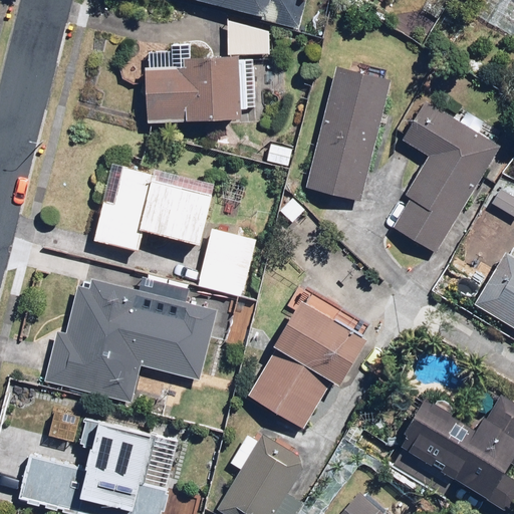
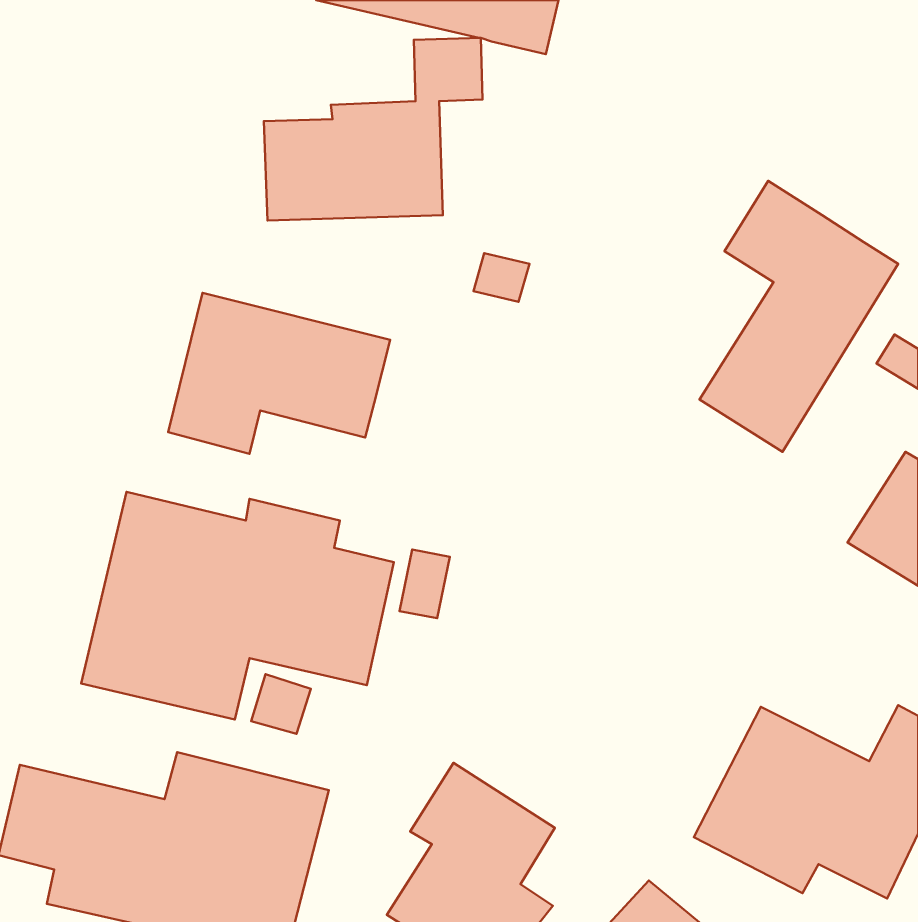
building: [306,64,391,202] -> none
building: [192,225,258,300] -> none
building: [248,283,382,430] -> none

